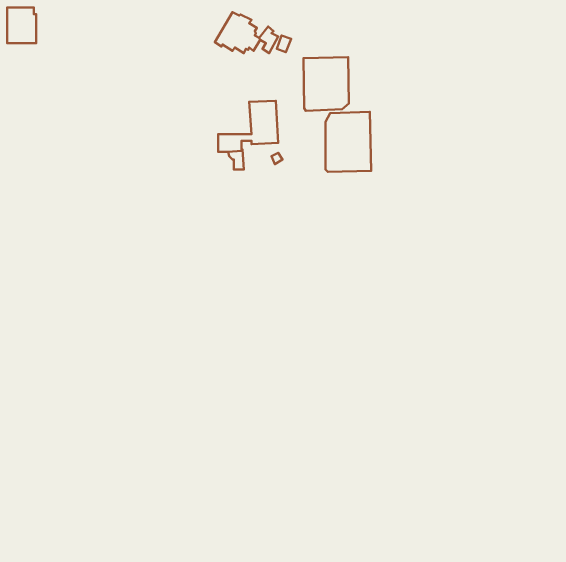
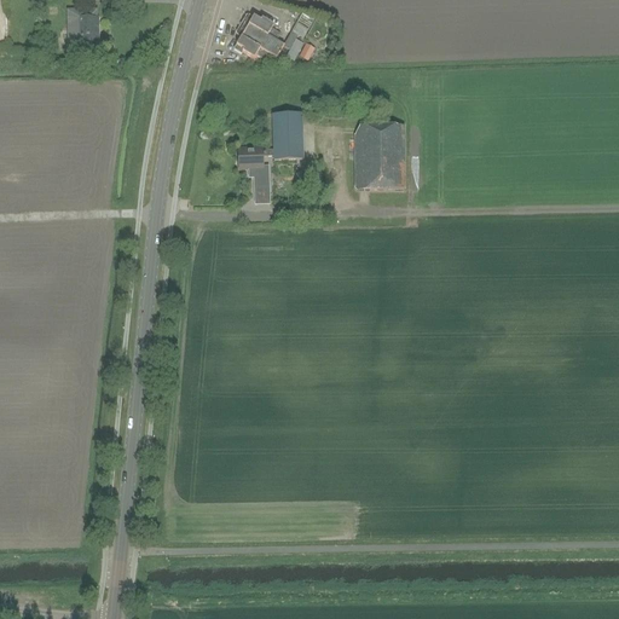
building: [7,8,36,43] -> [68,6,99,45]
building: [303,57,349,111] -> none

